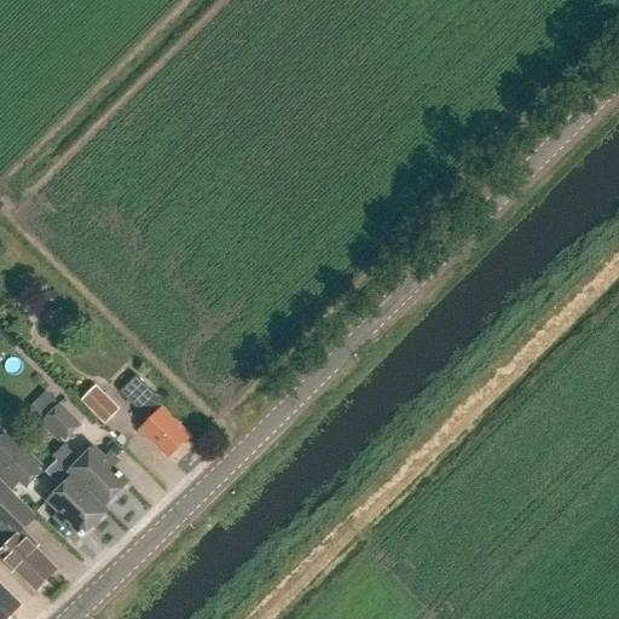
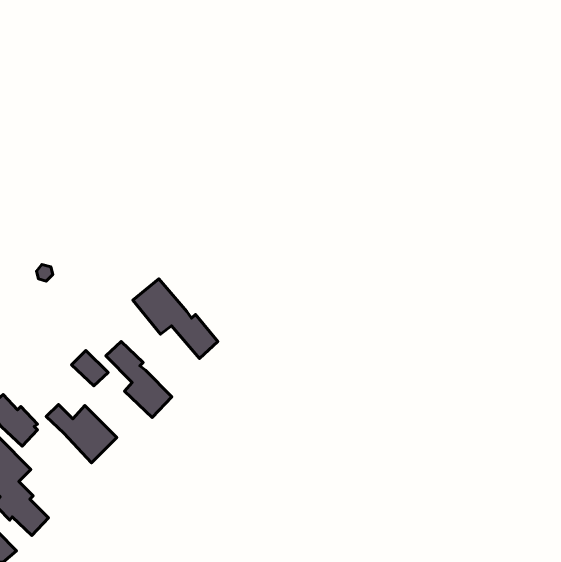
building: none -> [133,279,218,358]
building: [37,403,80,441] -> none
building: [45,461,104,536] -> none

